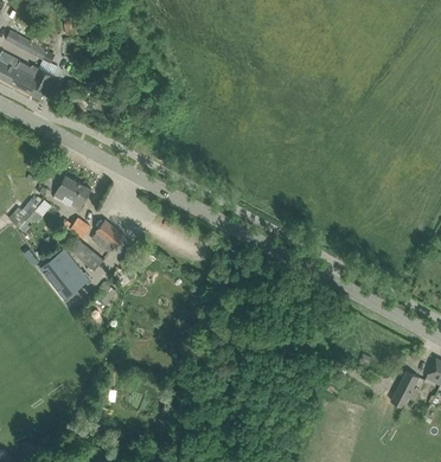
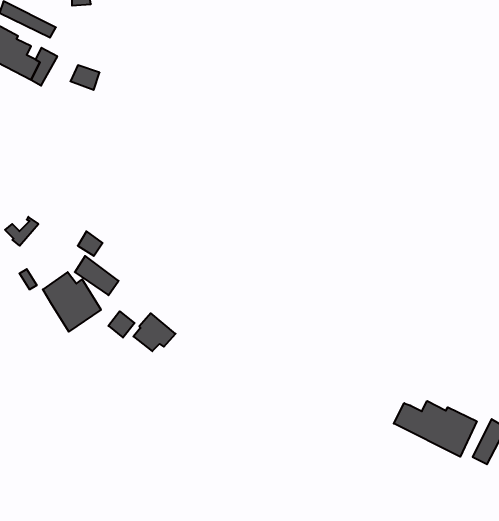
building: [55,175,91,210] -> none
building: [91,220,126,251] -> [133,313,176,351]
building: none -> [394,401,477,457]

